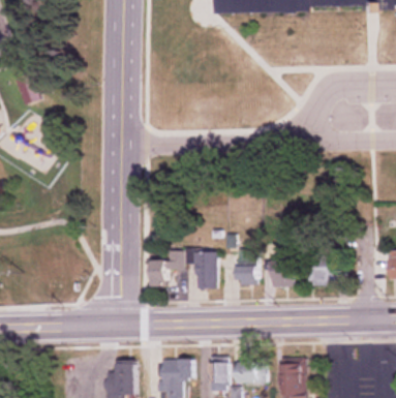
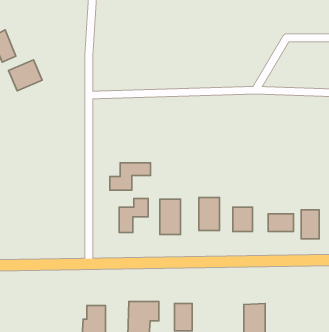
building: none -> [8,60,42,91]
building: none -> [110,163,150,190]
building: none -> [301,210,319,239]
building: [236,362,266,382] -> none

